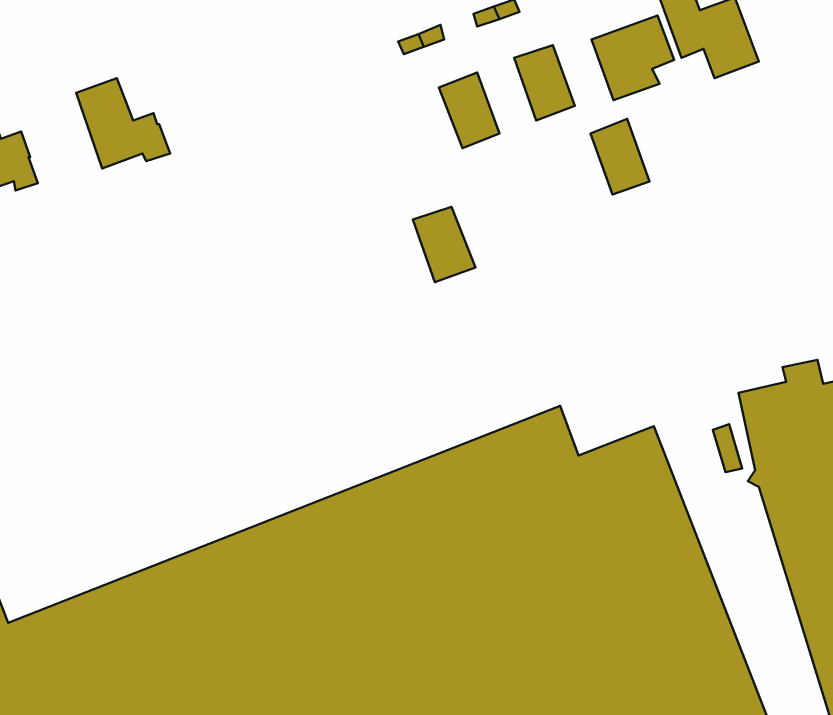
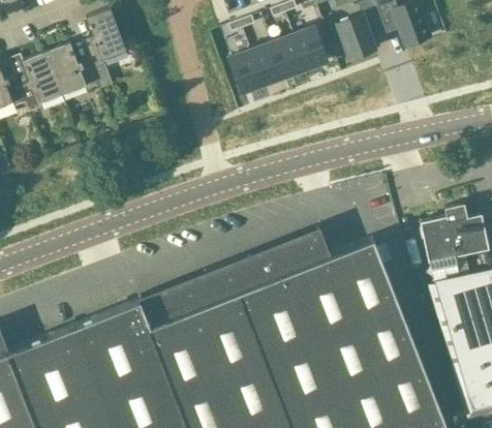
building: none -> [82,9,134,70]
building: none -> [20,53,61,113]
building: [590,119,649,194] -> [272,33,305,75]
building: [413,207,475,282] -> [228,50,264,92]

